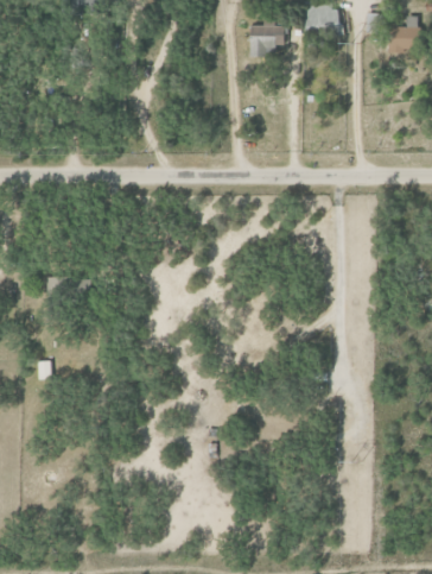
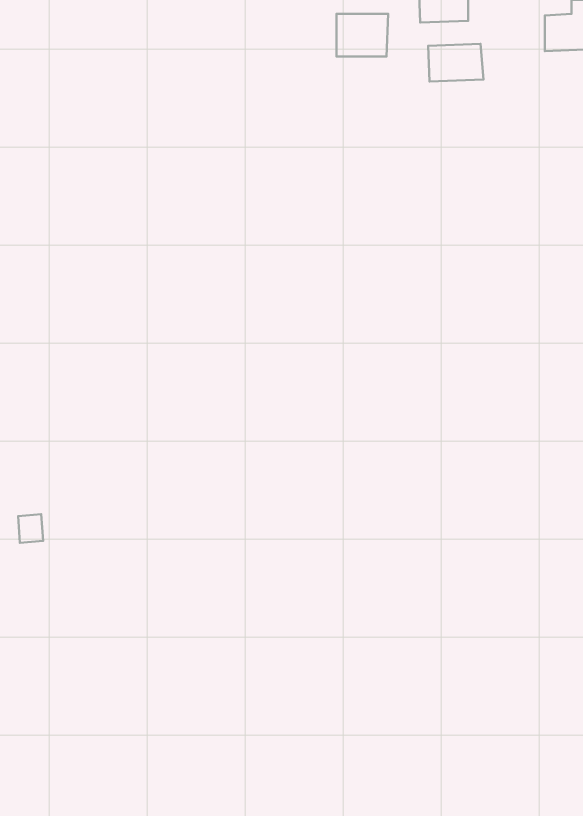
building: none -> [428,44,484,81]

